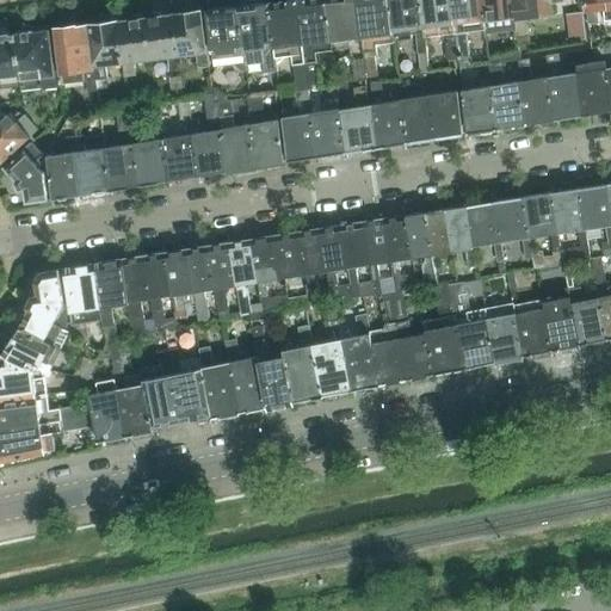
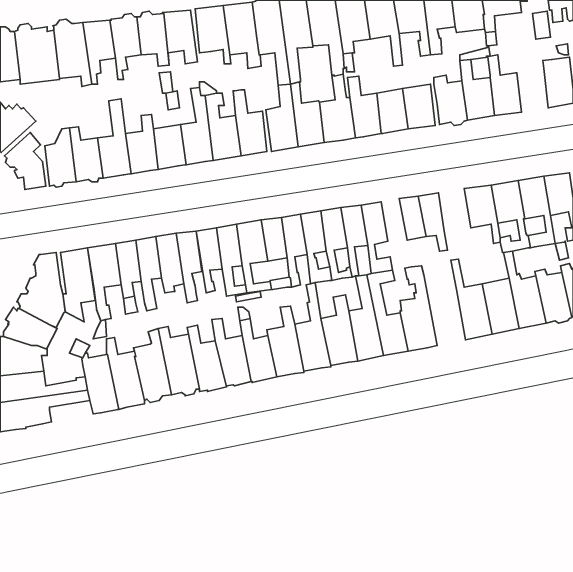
building: [547,54,584,121] -> none
building: [467,202,504,264] -> none
building: [406,212,438,286] -> none
building: [451,292,495,369] -> none

